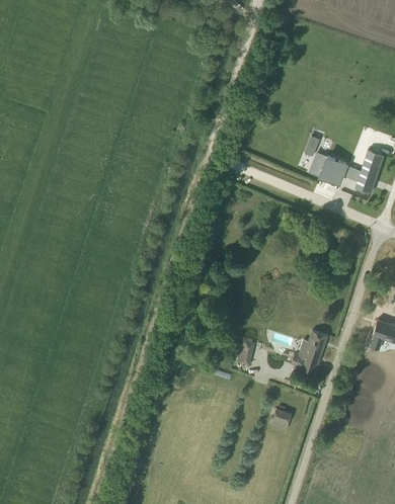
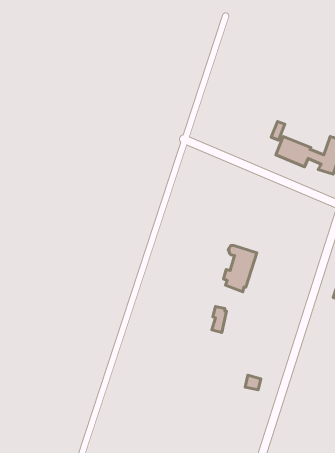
building: [292,328,328,379] -> [224,245,257,292]

